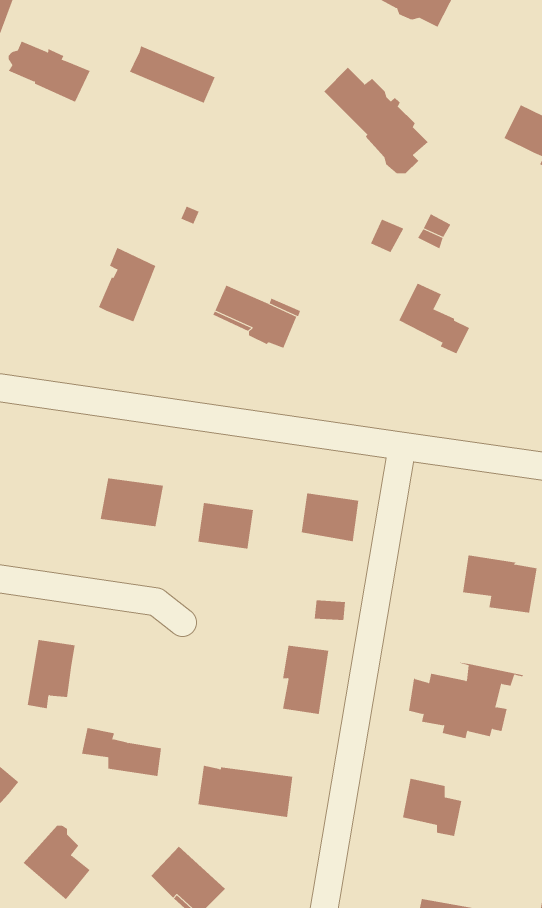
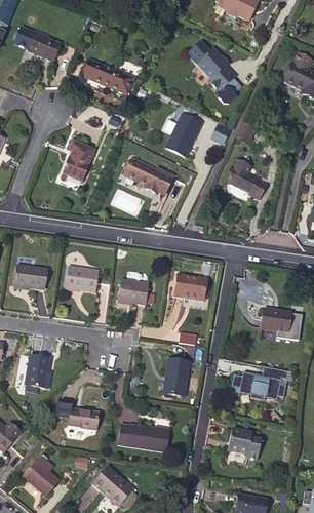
building: [129,45,215,104] -> [85,61,132,92]
building: none -> [166,113,201,156]
building: none -> [13,264,47,288]

